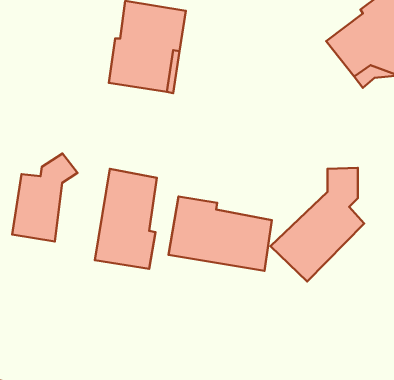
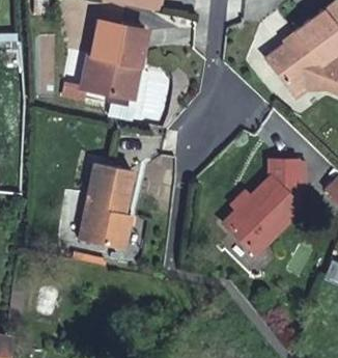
building: [12,154,77,242] -> none
building: [169,196,272,271] -> none

